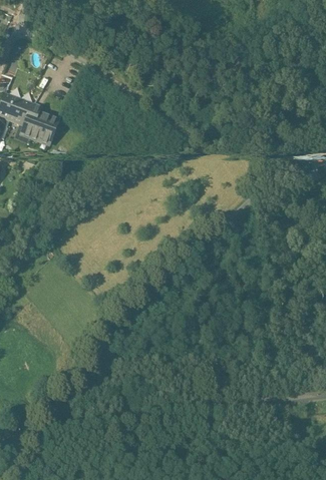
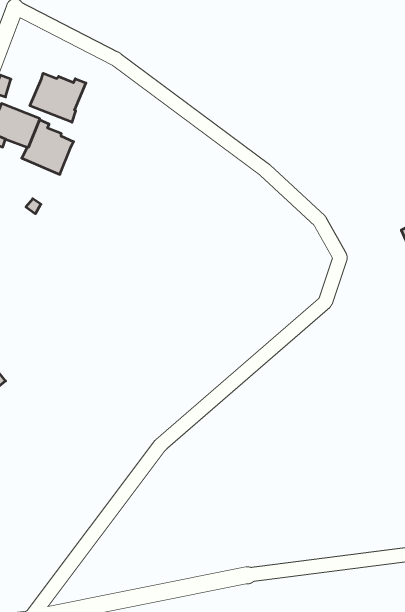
building: none -> [30,73,86,122]

